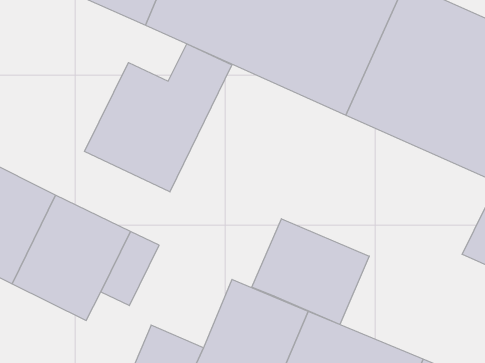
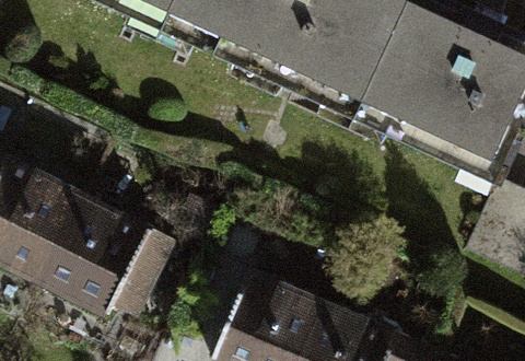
building: [85,44,232,192] -> none
building: [252,219,369,324] -> none

